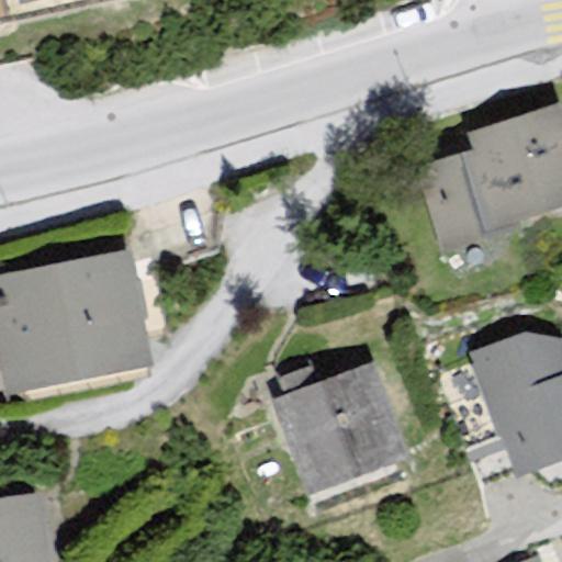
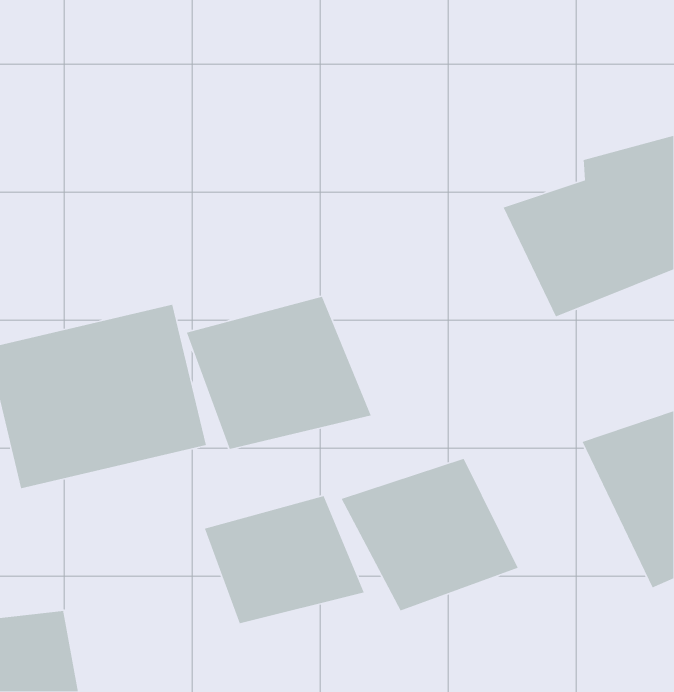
building: none -> [186,296,372,450]
building: none -> [204,495,365,624]

